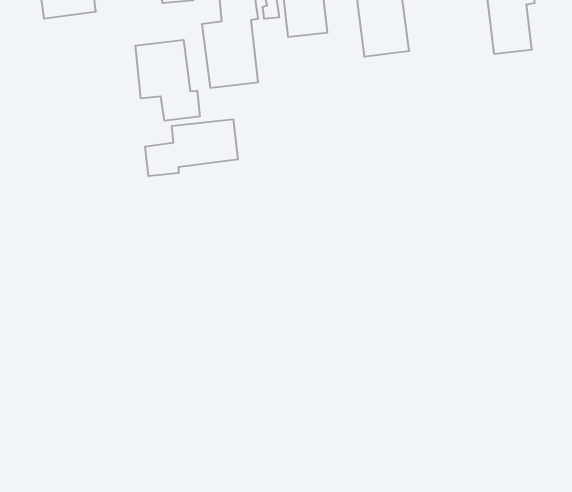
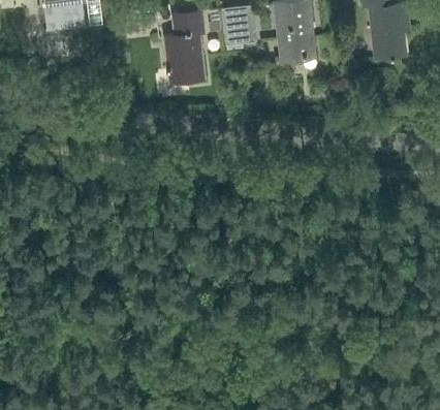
building: [135,40,200,121] -> none
building: [145,119,238,176] -> none

